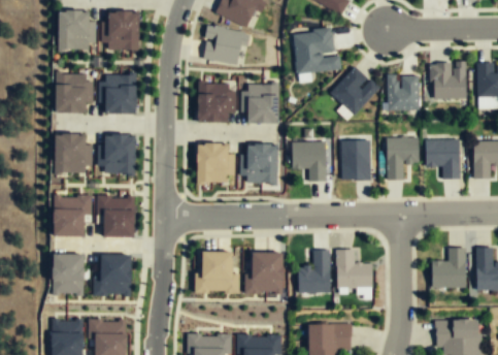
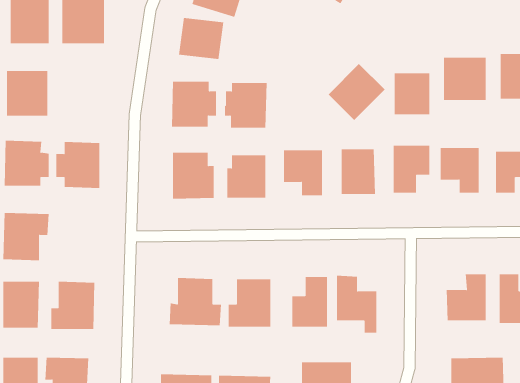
building: [294,29,338,74] -> none
building: [99,74,137,112] -> none
building: [97,196,135,236] -> none

